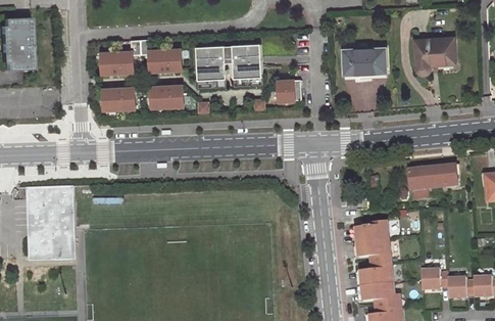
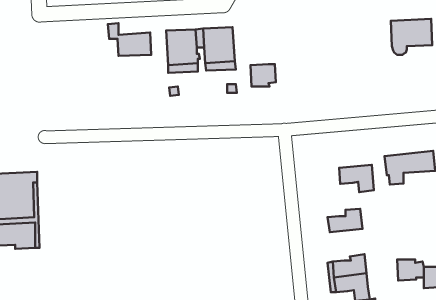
building: [101,42,142,76] -> none
building: [343,47,386,73] -> none
building: [152,87,185,109] -> none
building: [103,89,137,112] -> none
building: [355,240,389,267] -> [339,165,374,192]

